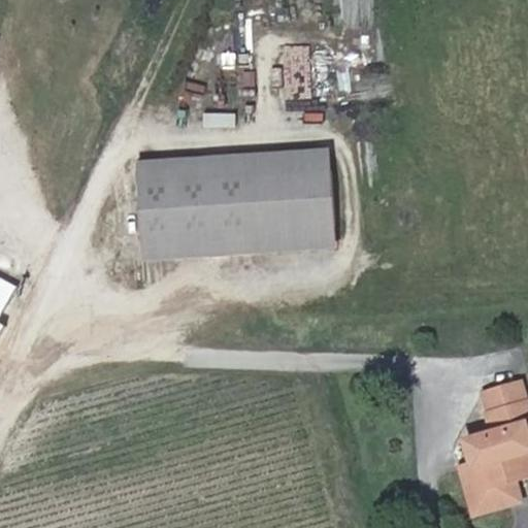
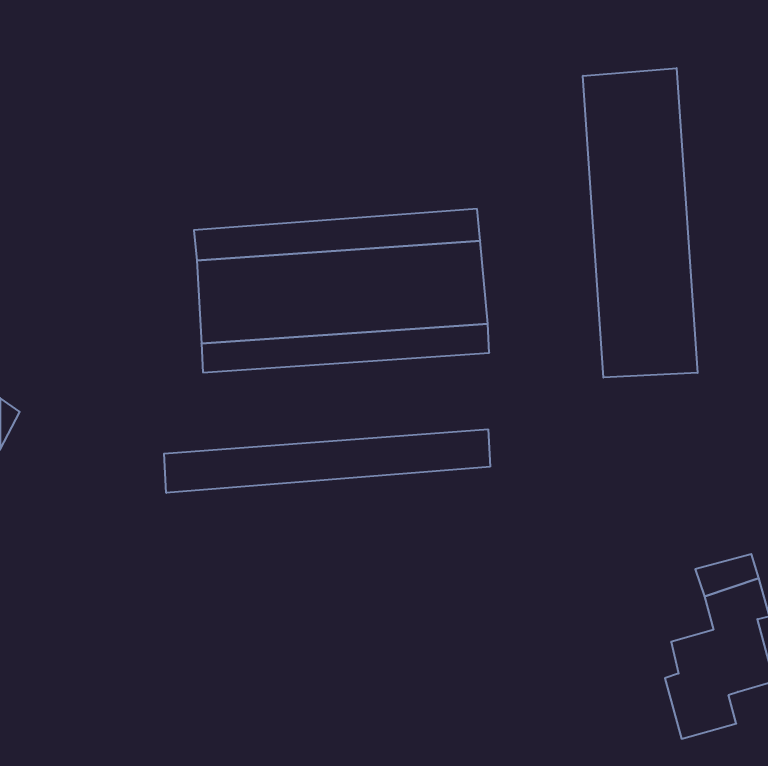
building: none -> [583,68,698,378]
building: none -> [164,429,490,493]

